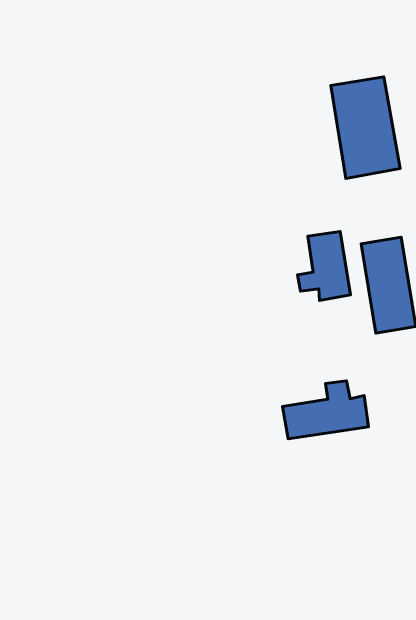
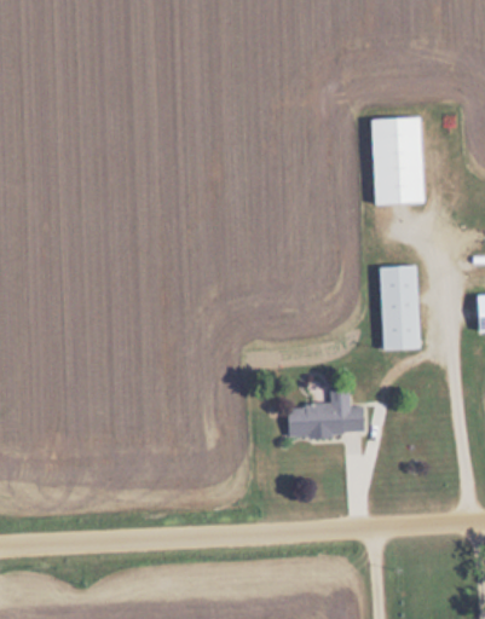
building: [298,231,350,300] -> none

